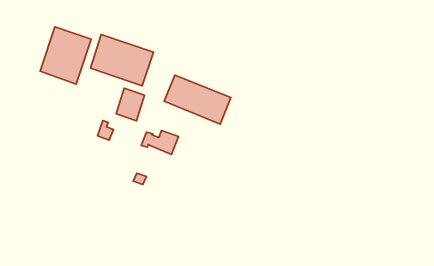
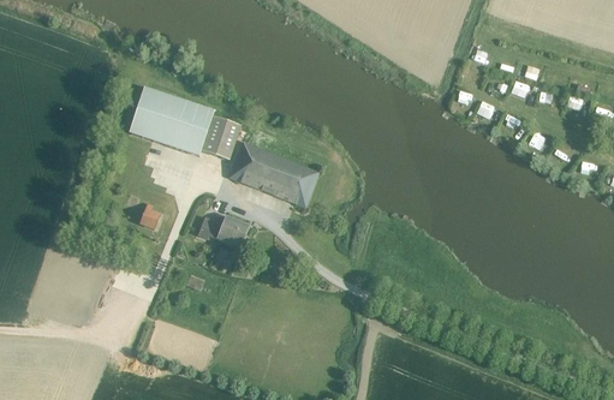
building: [40,27,91,84] -> none
building: [116,88,145,121] -> [202,114,240,159]

